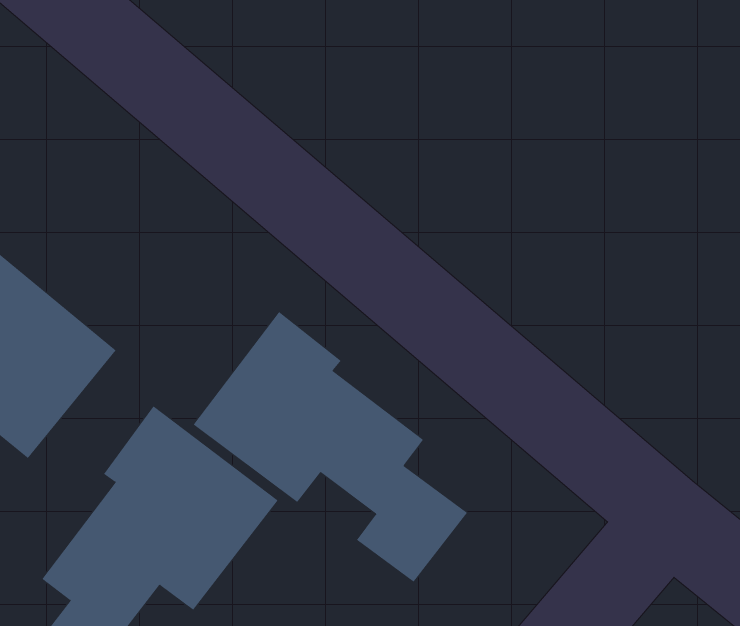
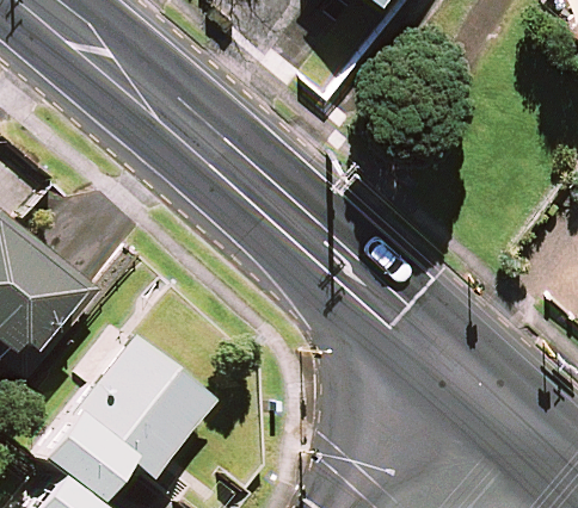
building: [193,311,468,583] -> none

